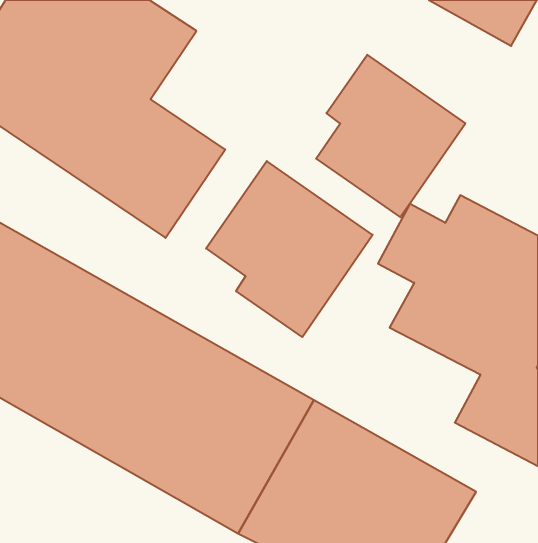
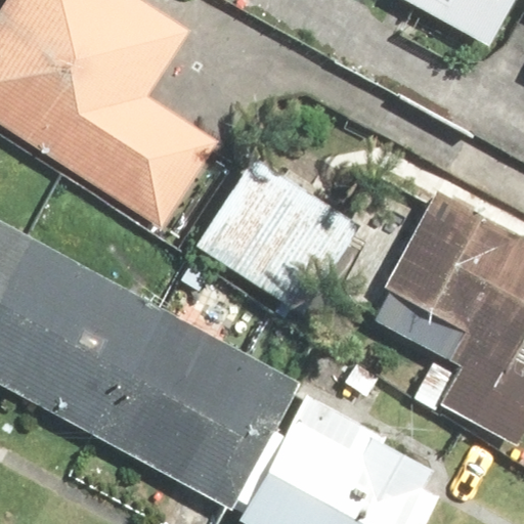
building: [316,55,465,217] -> none

